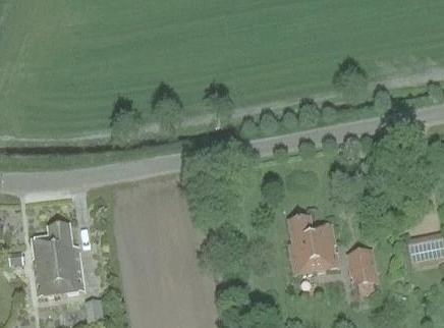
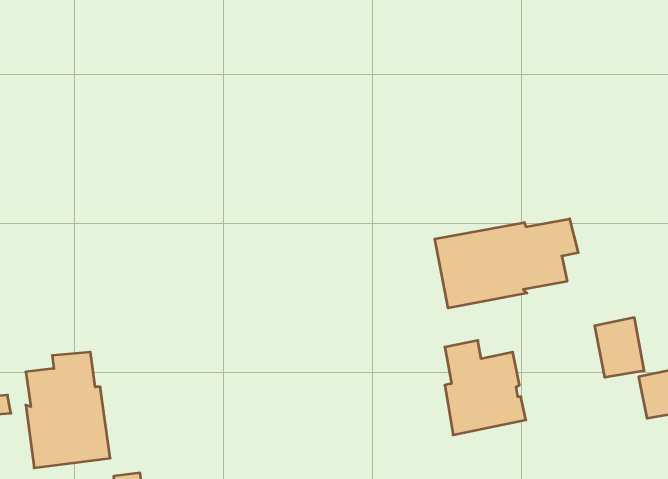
building: none -> [435,219,578,308]
building: [347,250,378,286] -> [595,318,644,377]

